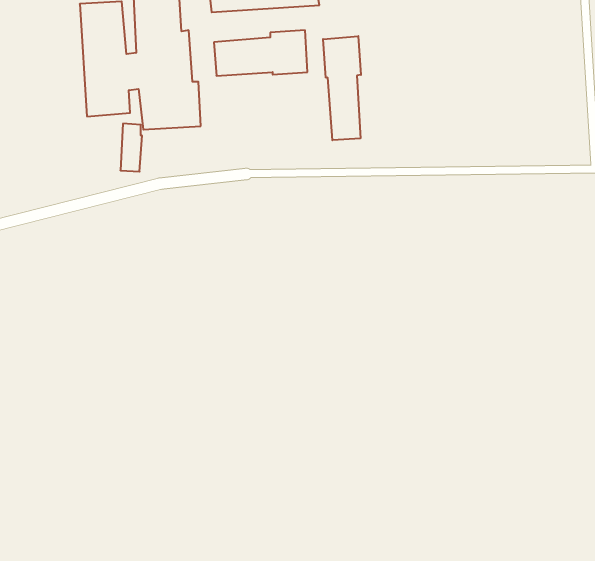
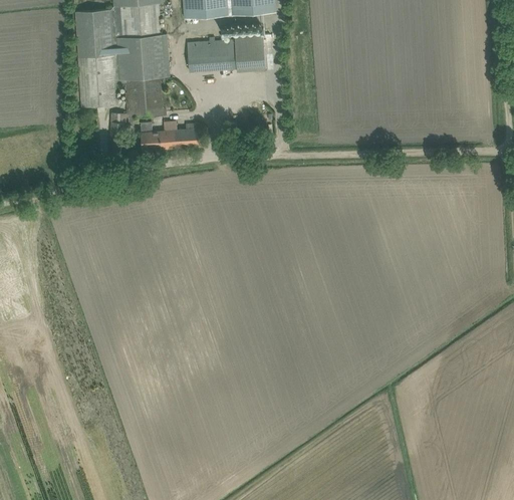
building: [323,36,361,140] -> none
building: none -> [140,120,203,150]

